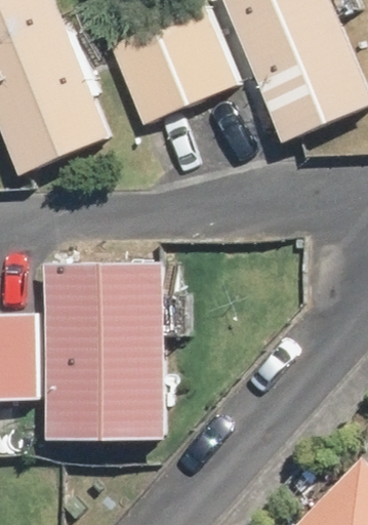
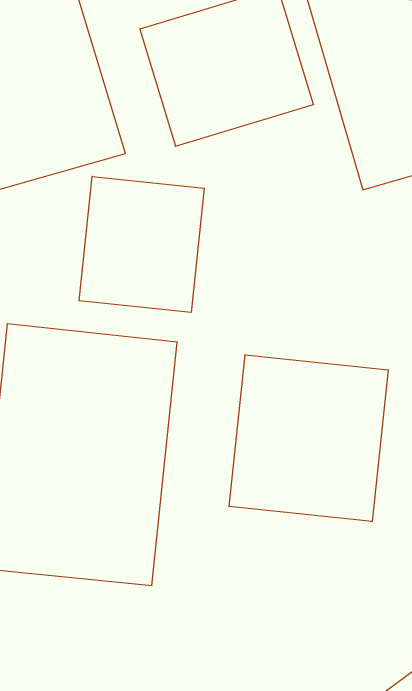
building: none -> [79,176,204,312]
building: none -> [229,355,388,522]

